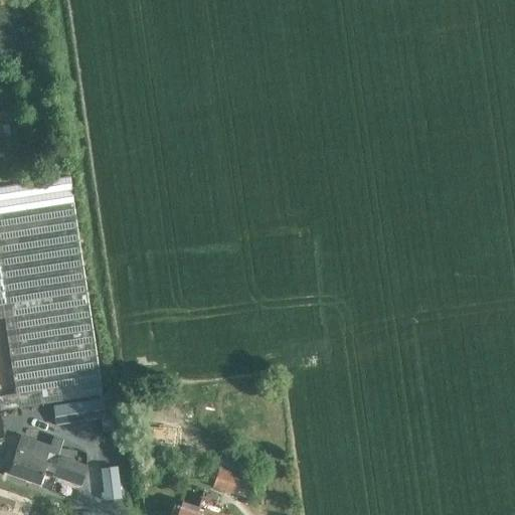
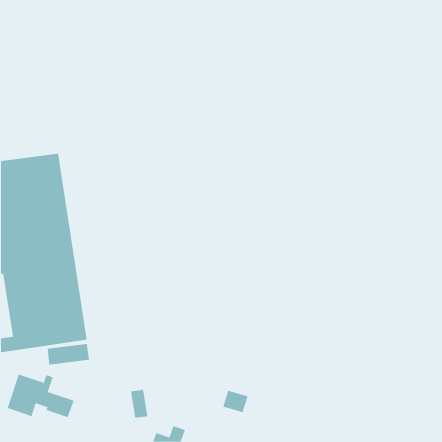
building: [212,467,242,493] -> [222,390,248,413]
building: [100,468,121,501] -> [130,390,148,418]

